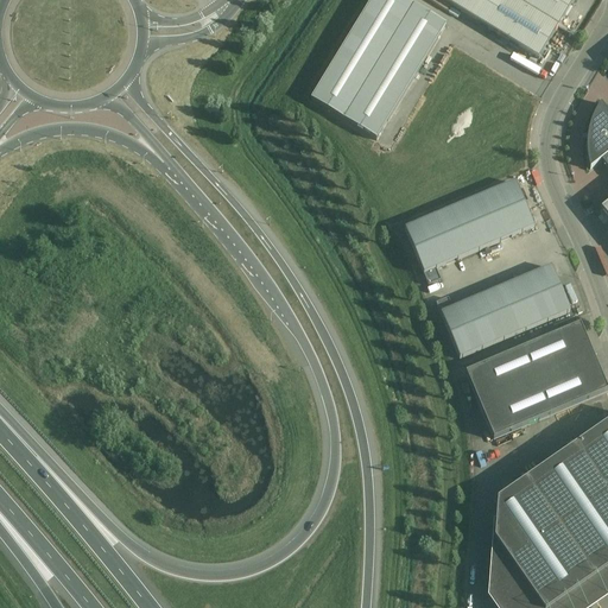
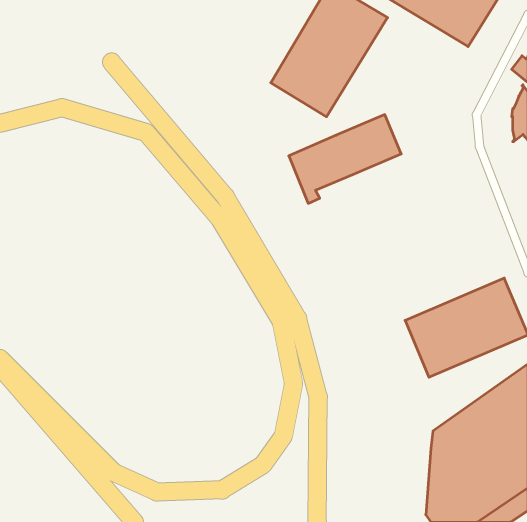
building: [406,177,536,279] -> [289,115,401,203]
building: [437,262,571,354] -> none

